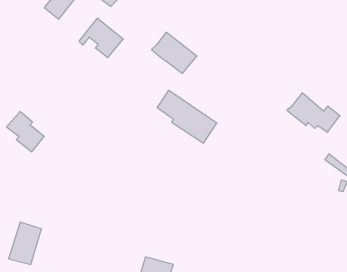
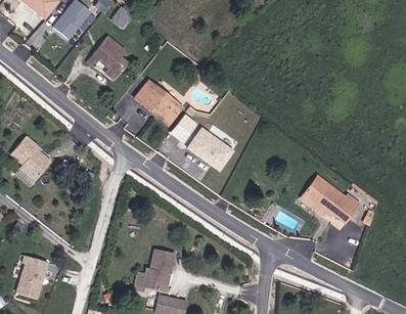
building: [152,32,197,74] -> [138,84,186,128]
building: [287,93,340,132] -> [302,179,358,221]
building: none -> [137,248,175,293]

